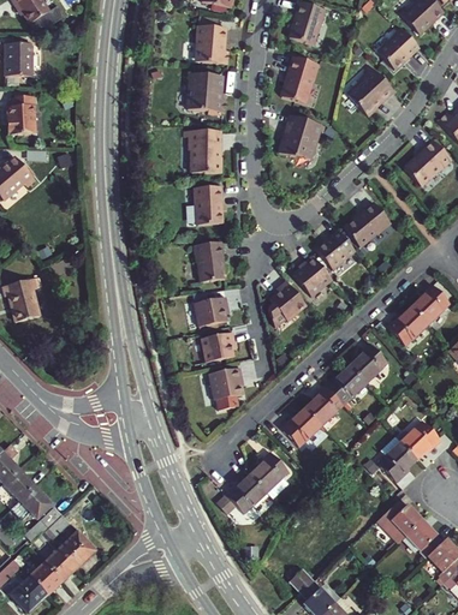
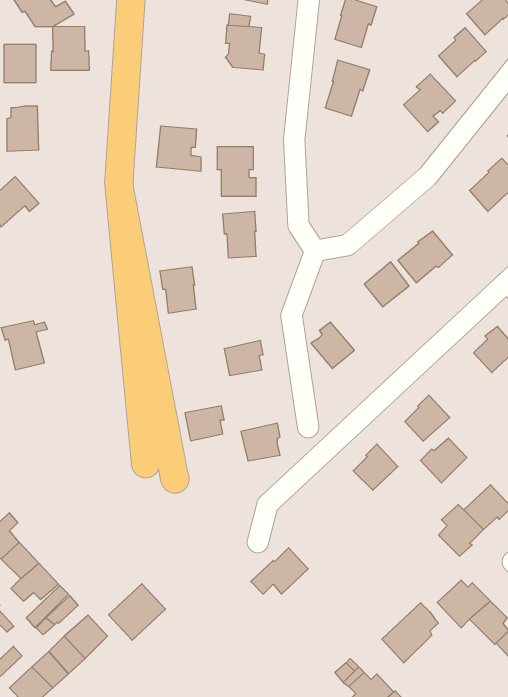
building: none -> [51,26,89,70]
building: [188,73,226,112] -> [156,126,201,171]
building: [280,115,321,159] -> none
building: [194,241,225,281] -> [160,267,196,313]
building: [293,253,332,295] -> none
building: [383,306,424,344] -> none
building: [202,332,236,362] -> [185,406,224,441]
building: [326,365,365,404] -> [420,438,467,483]
building: [281,407,322,446] -> none
building: [250,450,290,497] -> none
building: none -> [109,584,166,640]
building: none -> [382,603,438,663]

